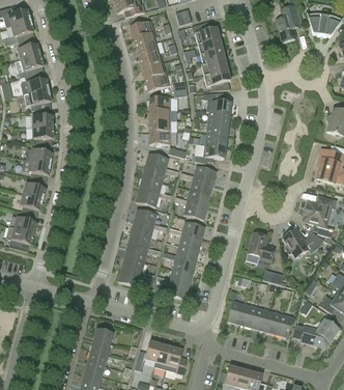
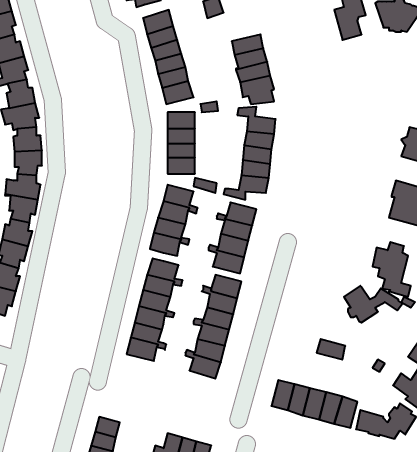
building: [192,21,220,44] -> none
building: [248,232,275,261] -> none

